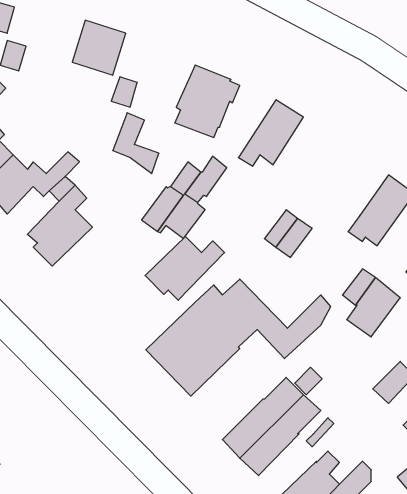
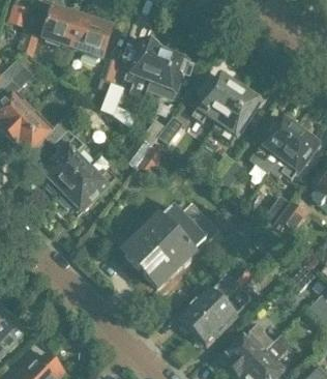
building: none -> [43,7,83,47]
building: none -> [122,39,161,96]
building: none -> [217,86,260,141]
building: none -> [250,115,300,172]
building: [145,237,225,300] -> [59,165,116,210]

